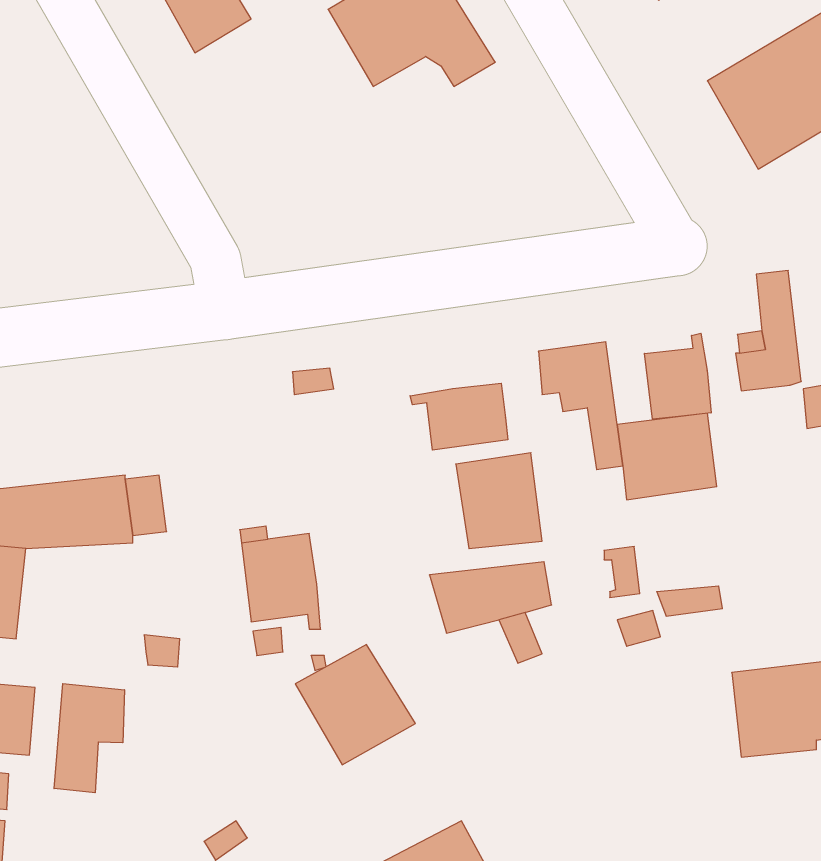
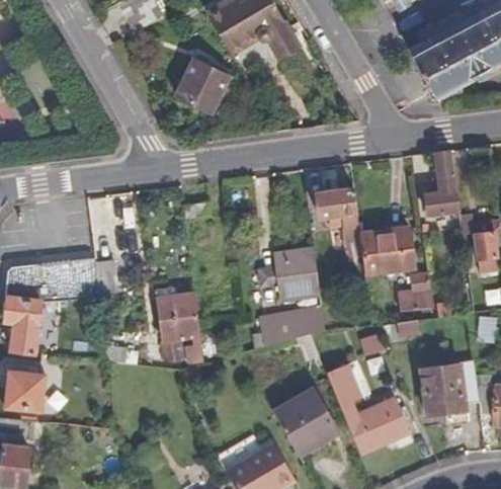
building: none -> [173,59,225,111]
building: [644,333,711,419] -> none
building: [410,383,508,450] -> none
building: none -> [396,272,431,310]
building: [295,645,415,765] -> [275,394,340,459]
building: none -> [328,369,412,452]
building: [54,684,124,793] -> none

